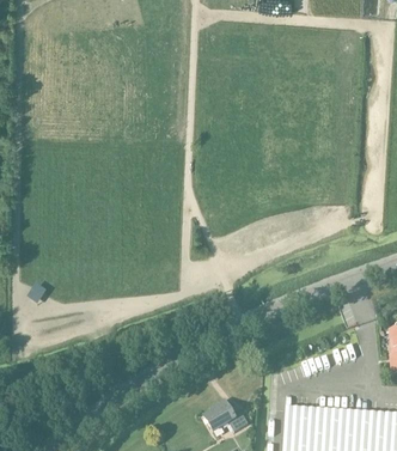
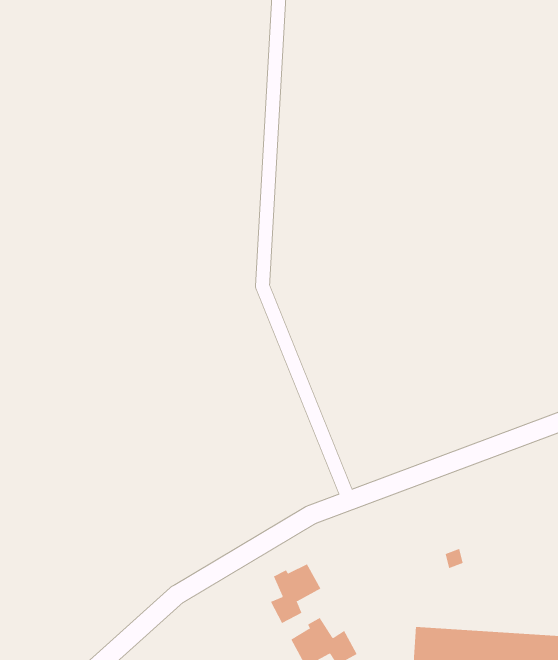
building: none -> [270,563,321,624]

